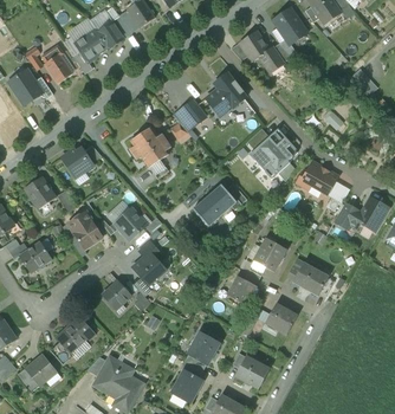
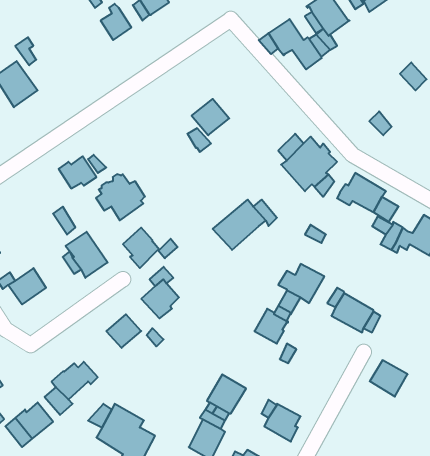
building: [75,28,108,63] -> none
building: [43,45,72,83] -> none
building: [206,73,245,114] -> none
building: [129,128,170,167] -> [96,174,145,220]
building: [25,176,56,208] -> none
building: [265,304,297,335] -> [370,360,408,397]

